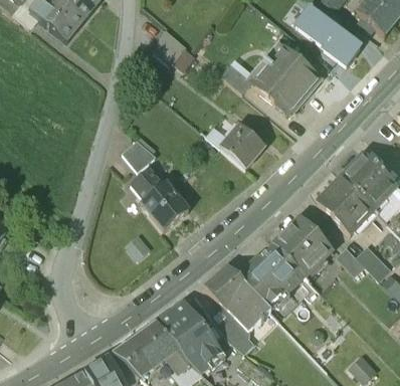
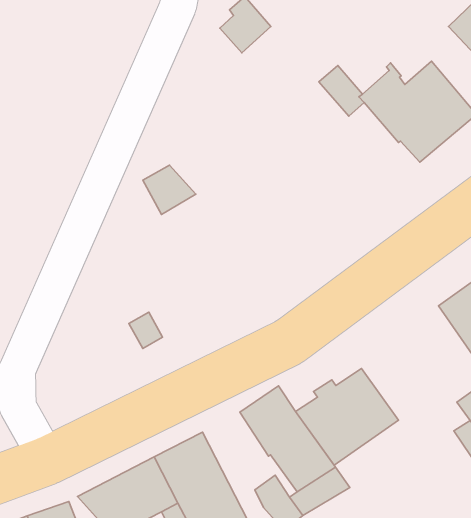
building: [216,122,263,166] -> none
building: [130,168,188,230] -> none
building: [273,215,333,274] -> none

